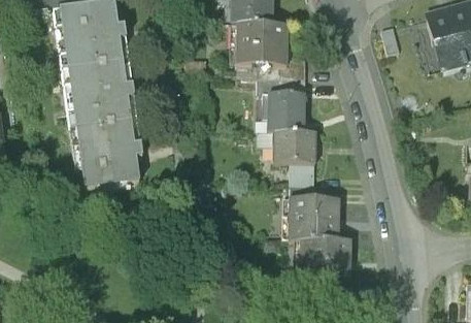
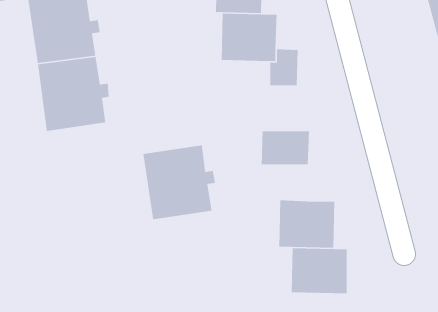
building: [267,92,305,133] -> none
building: [72,126,140,196] -> [142,145,216,220]
building: [289,165,315,198] -> none

